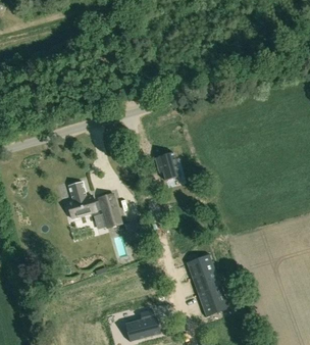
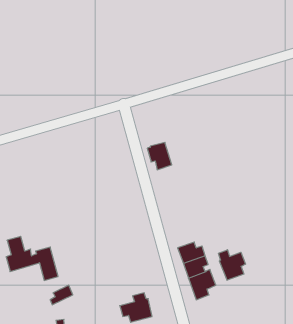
building: [66,183,120,229] -> [6,236,58,280]
building: none -> [218,250,245,280]

